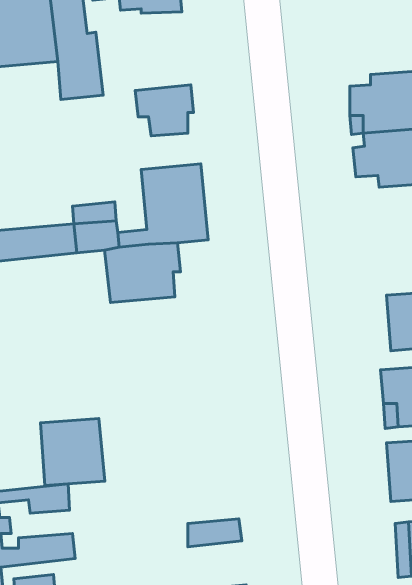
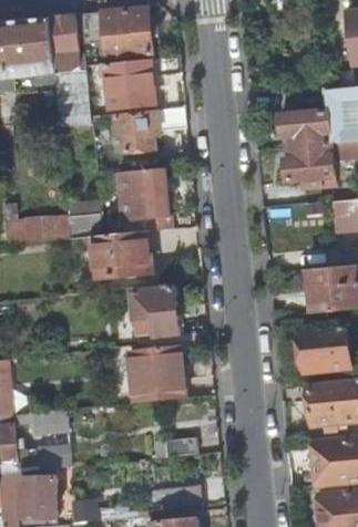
building: none -> [105,61,161,108]
building: none -> [132,282,180,335]
building: [40,418,105,486] -> [136,347,185,397]

